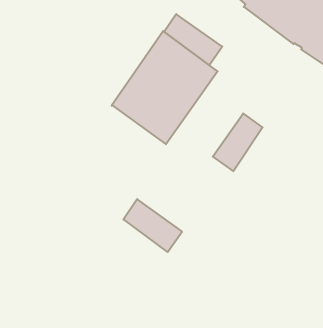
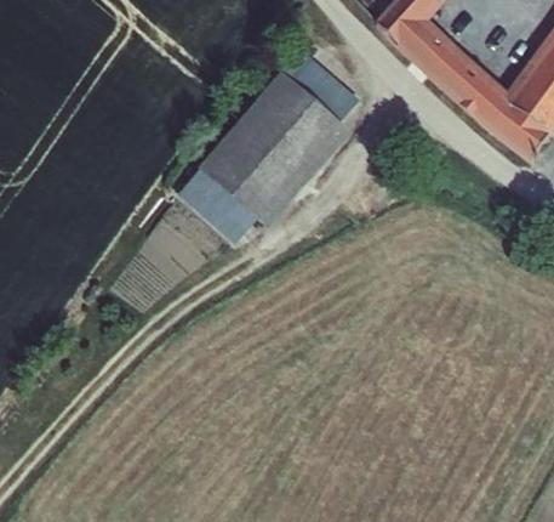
building: [213,113,263,171] -> none
building: [123,199,182,252] -> [178,166,258,244]

